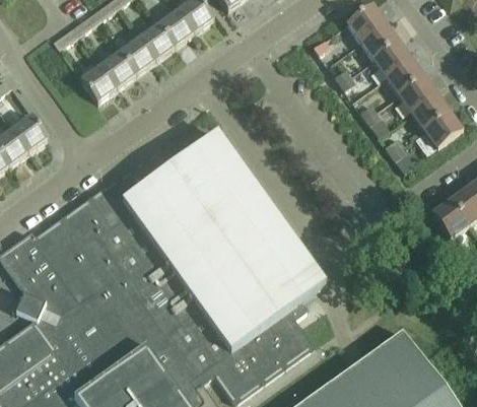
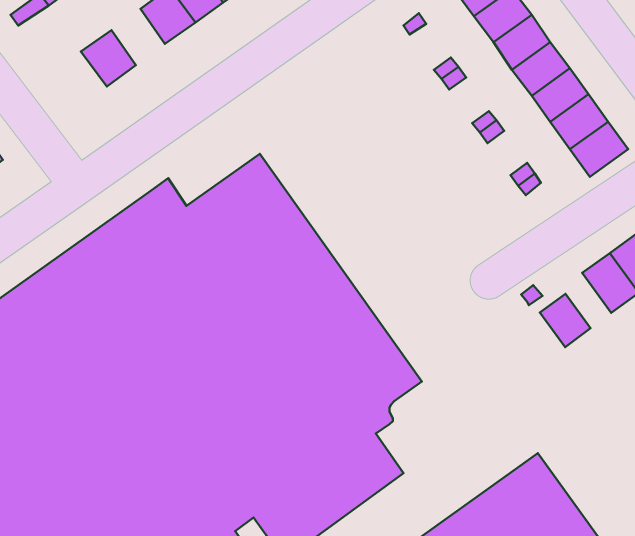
building: [120,36,155,73] -> none
building: [80,64,117,101] -> none
building: none -> [540,294,591,347]

